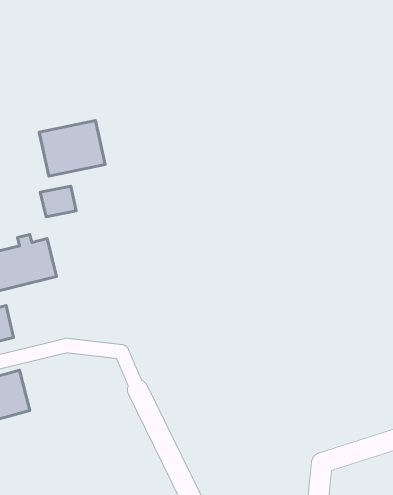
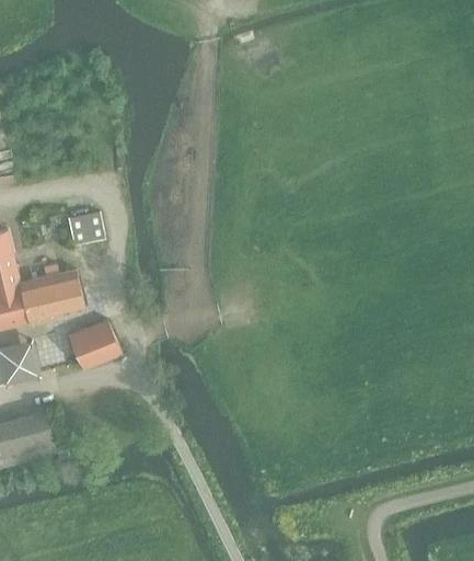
building: [39,121,105,176] -> none
building: none -> [67,319,122,368]

